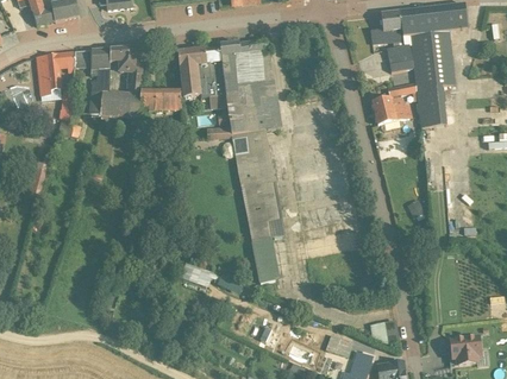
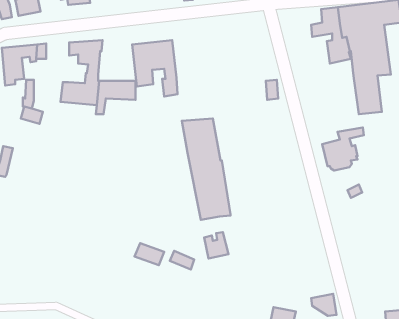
building: [219,39,281,134] -> none
building: [90,50,109,114] -> none
building: [371,83,417,130] -> [322,128,364,171]

